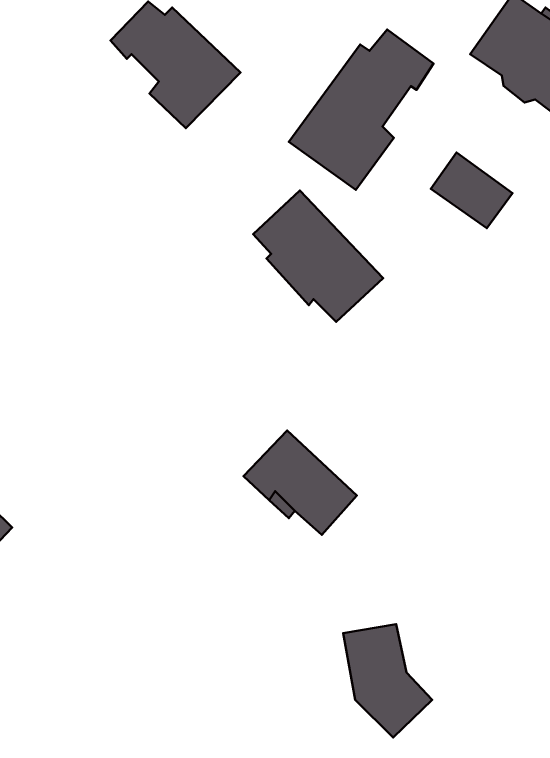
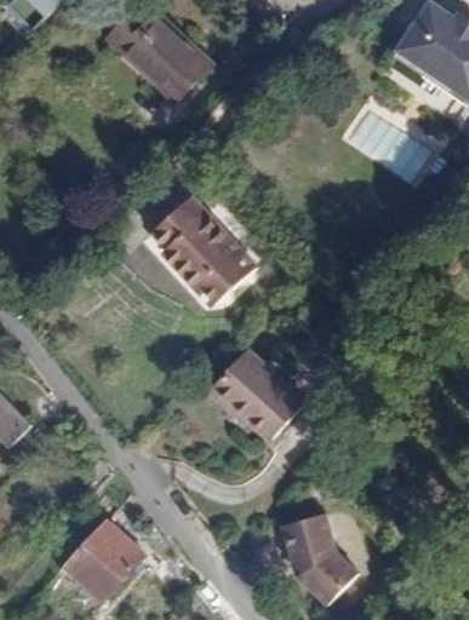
building: [289,30,434,190] -> none
building: [253,190,383,322] -> [150,197,254,303]
building: none -> [58,528,133,603]

